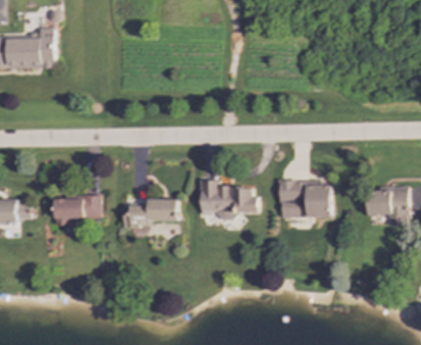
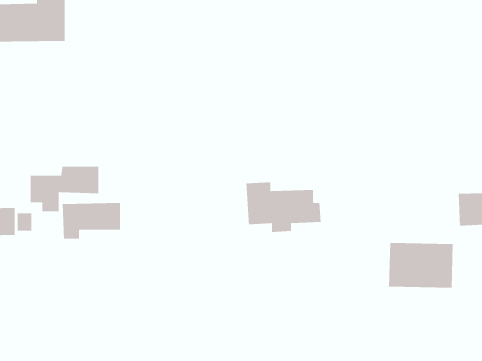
building: [279,180,331,216] -> [388,242,454,289]
building: [122,198,177,235] -> [30,166,99,212]

